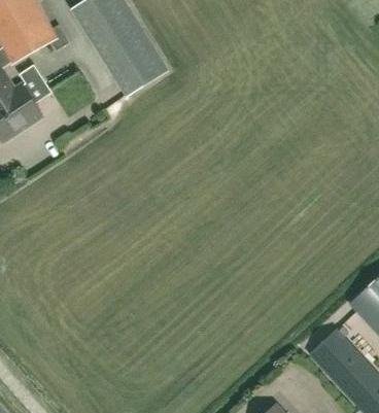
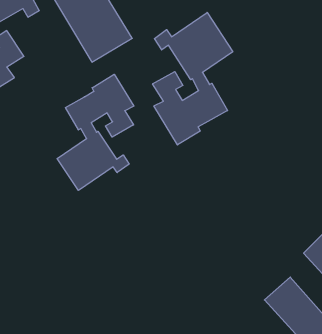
building: none -> [153,12,233,145]
building: none -> [57,74,134,190]

